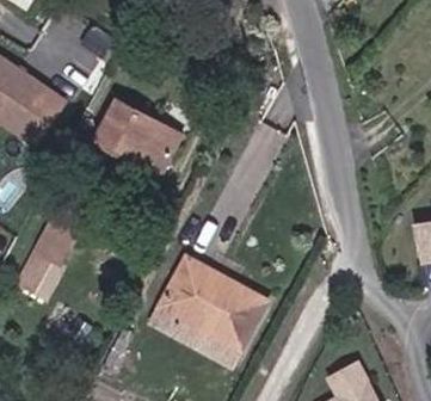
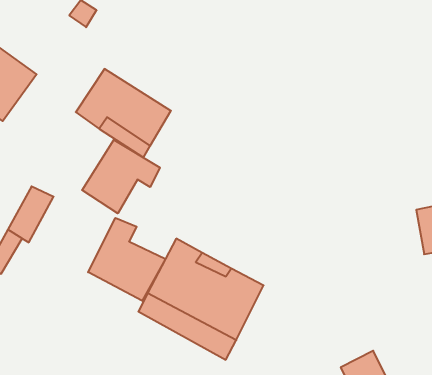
building: none -> [82,140,160,213]
building: none -> [88,218,166,301]

